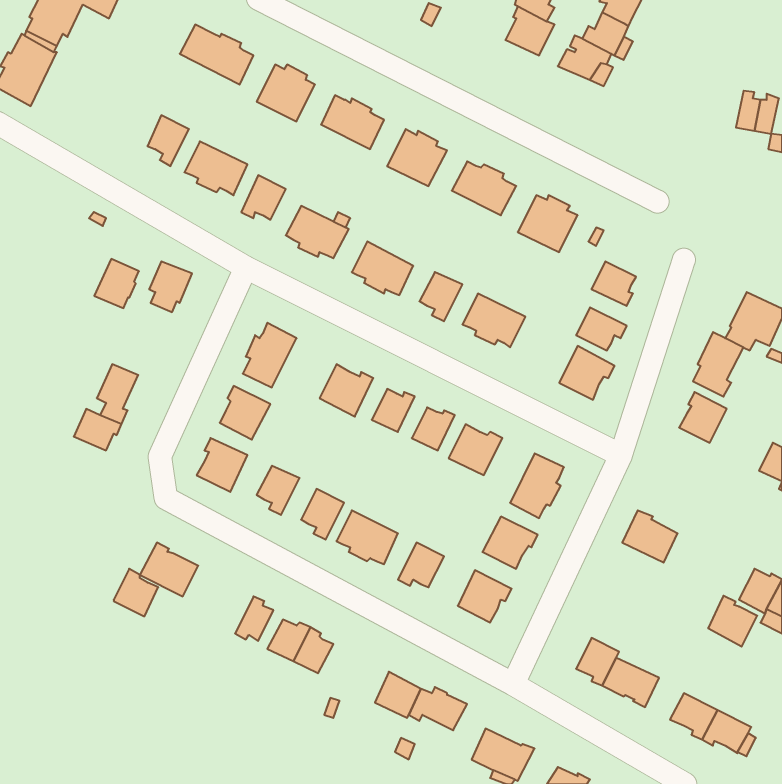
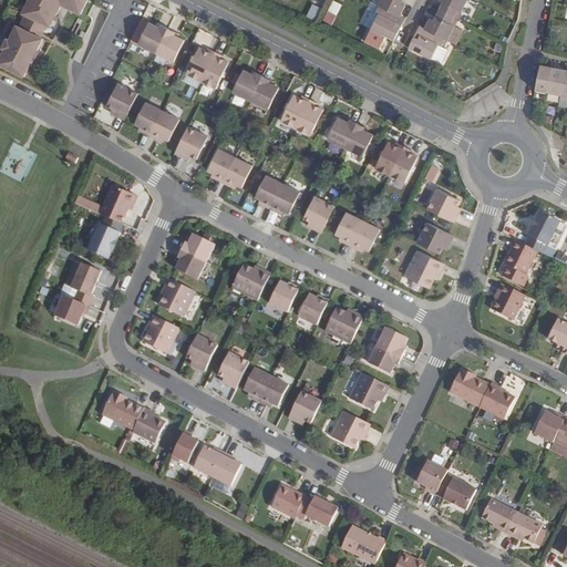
building: [94,259,139,308] -> [86,223,118,258]
building: [114,569,158,616] -> [132,408,164,442]
building: [708,596,757,647] -> [478,382,514,419]

